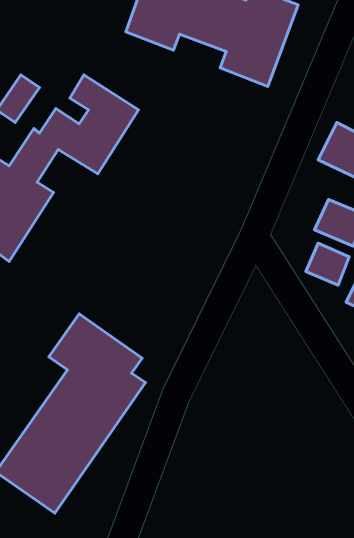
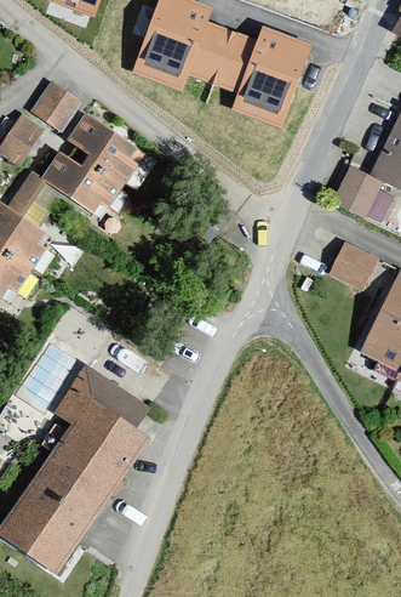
building: none -> [25,78,80,131]
building: [306,243,349,285] -> none

